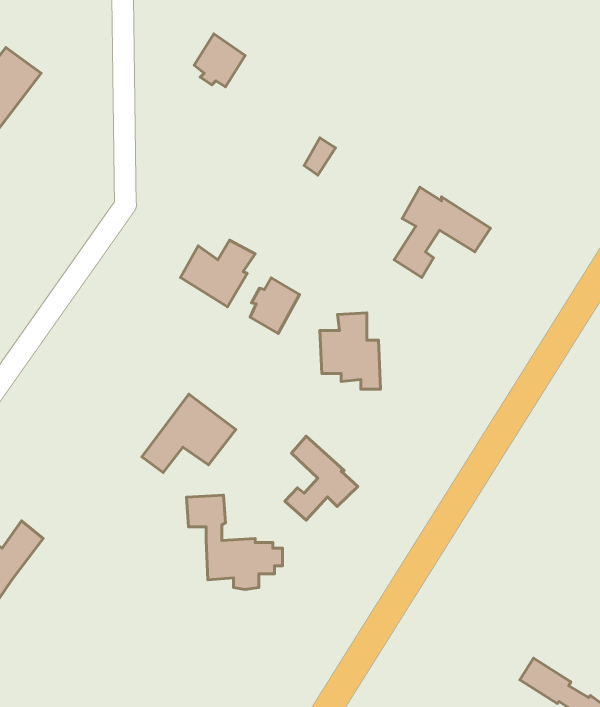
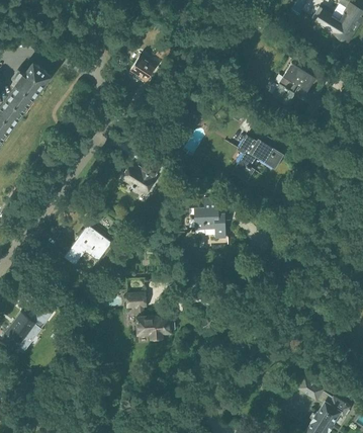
building: none -> [271,63,315,105]
building: [250,278,299,334] -> none
building: [142,394,236,473] -> [64,225,112,265]
building: [285,436,358,520] -> none

